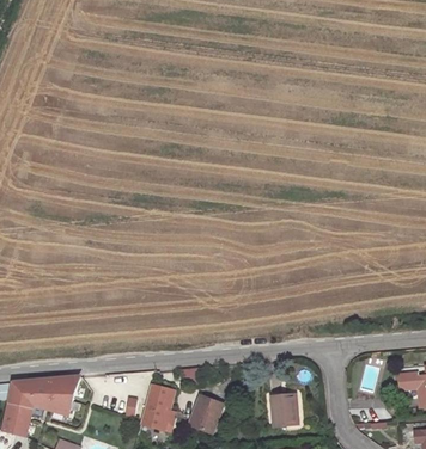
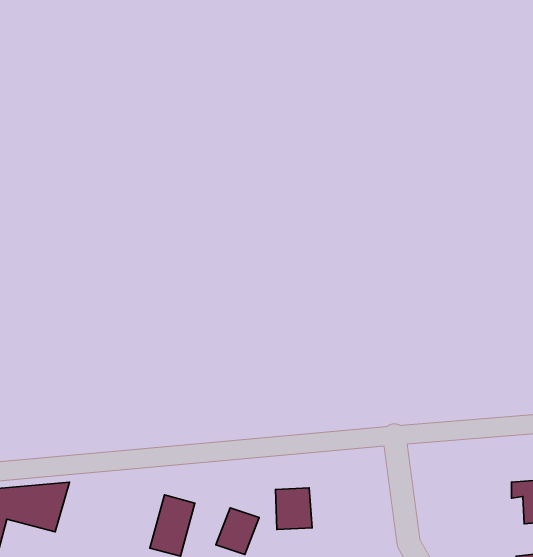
building: [269,393,297,424] -> [275,488,312,530]

